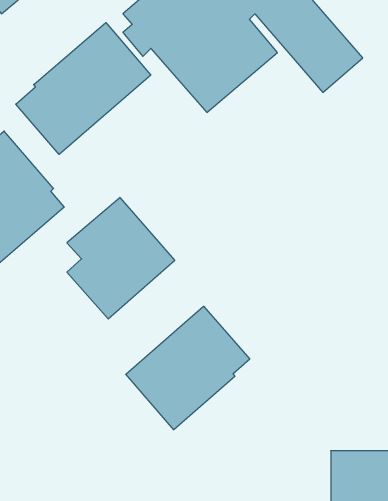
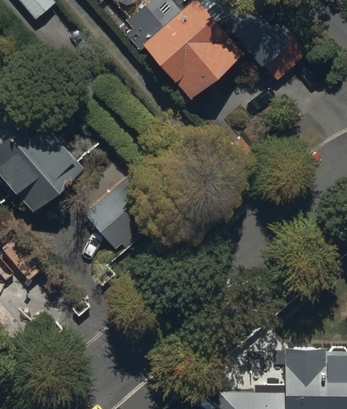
building: [16,23,151,154] -> none
building: [126,306,250,430] -> none

